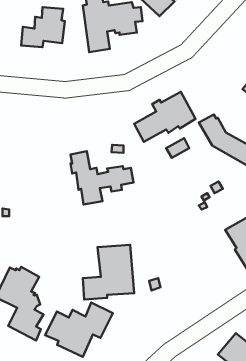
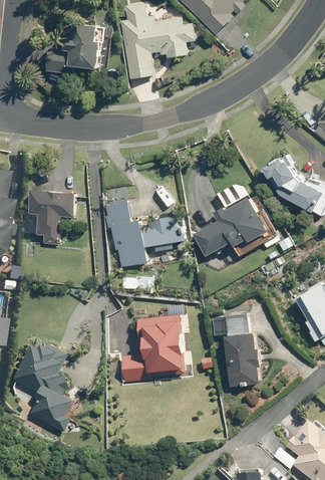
building: [134,92,196,142] -> [201,200,276,261]
building: none -> [28,190,74,244]
building: none -> [225,314,261,386]
building: [45,303,113,357] -> none

